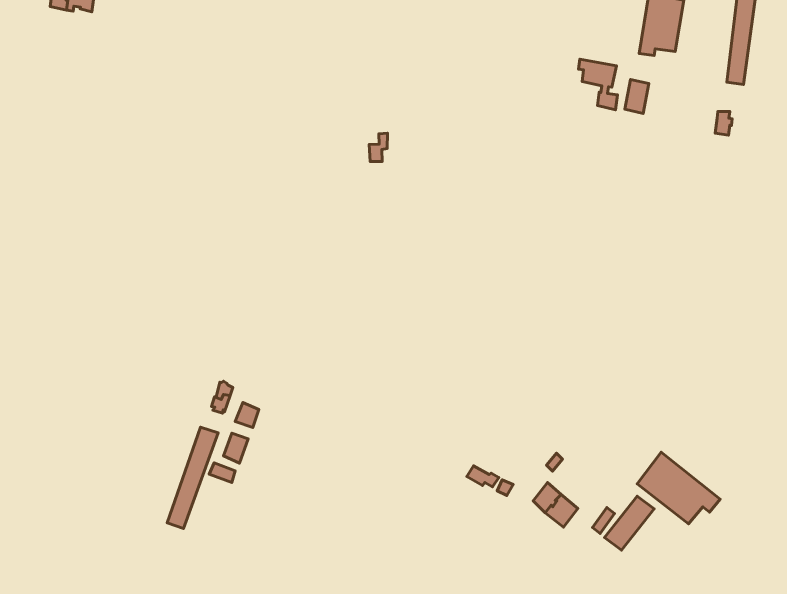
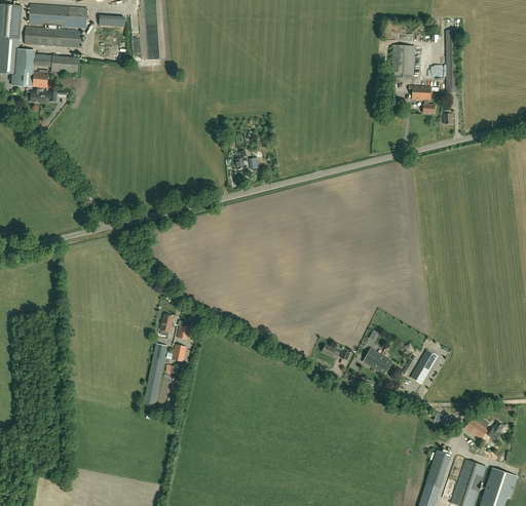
building: [579,59,618,110] -> [409,86,435,114]
building: [637,452,720,524] -> none

